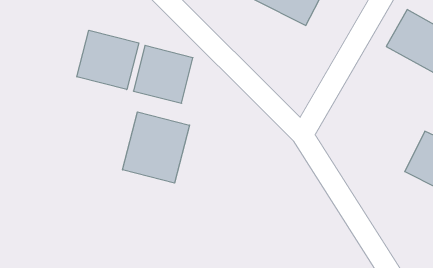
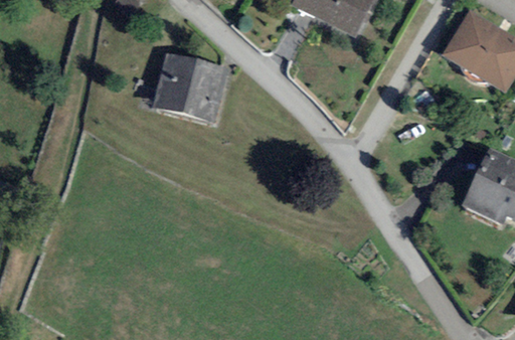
building: [77,30,139,90] -> none
building: [123,112,190,183] -> none

